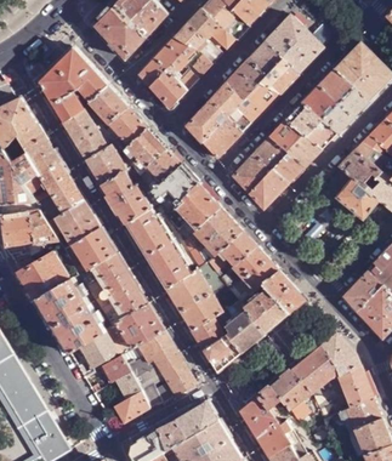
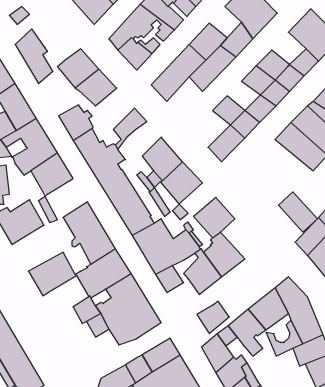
building: [249,39,284,73] -> none
building: [56,46,109,104] -> none
building: [317,67,354,102] -> none
building: [63,109,109,158] -> none
building: [203,115,242,156] -> none
building: [268,120,305,152] -> none
building: [117,127,167,178] -> none
building: [232,152,272,192] -> none
building: [149,164,197,216] -> none
building: [28,210,56,243] -> none
building: [73,226,117,269] -> none
building: [220,231,256,266] -> none
building: [261,269,303,313] -> [278,192,318,232]
building: [34,275,90,326] -> none
building: [78,331,117,368] -> none
building: [203,335,238,370] -> [197,301,229,334]
building: [113,389,150,423] -> none

